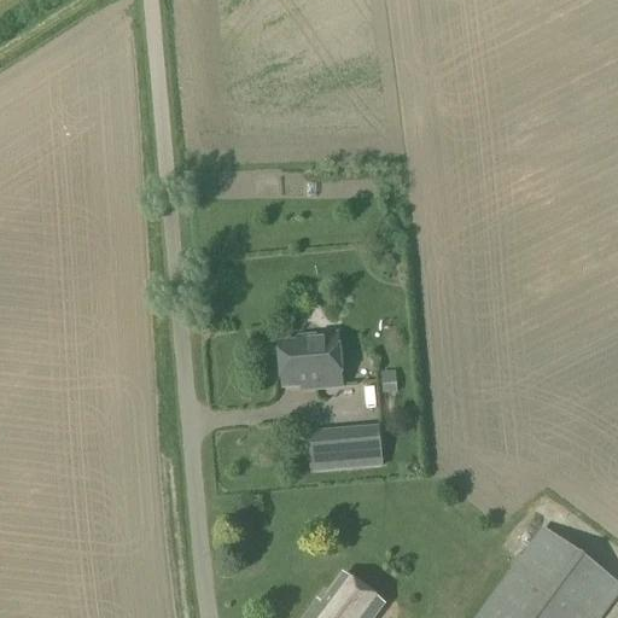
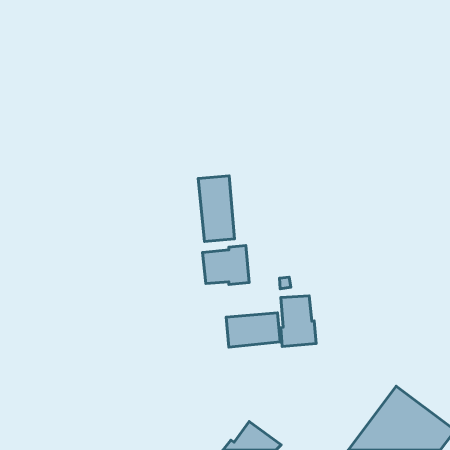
building: none -> [198,176,234,242]
building: none -> [281,296,316,346]

